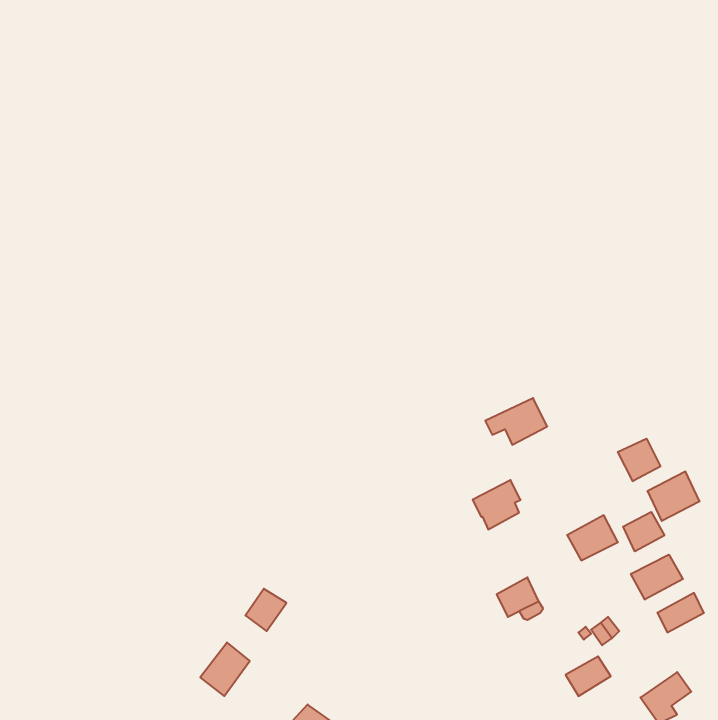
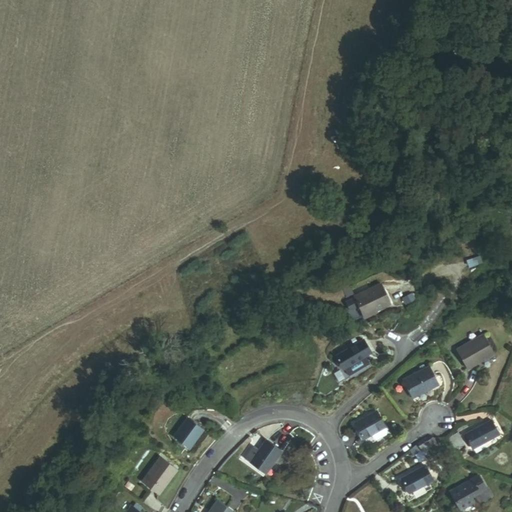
building: [618,439,660,481] -> none
building: [623,512,664,551] -> none
building: [631,555,683,600] -> none
building: none -> [247,438,280,472]

